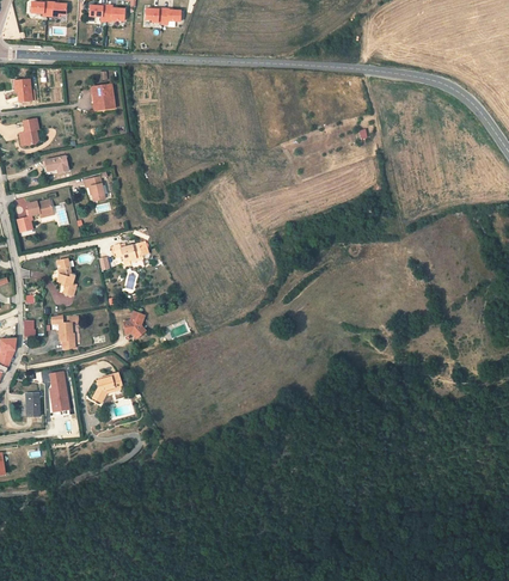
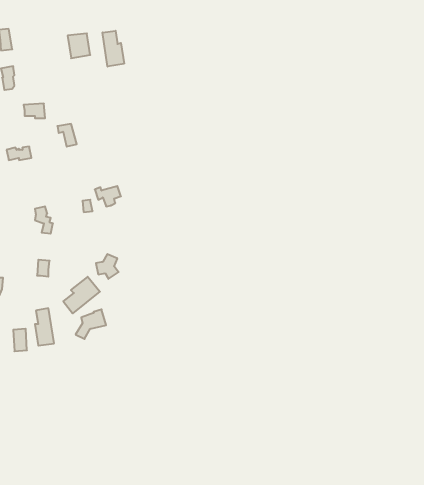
building: none -> [103,31,124,67]
building: none -> [63,277,100,313]

